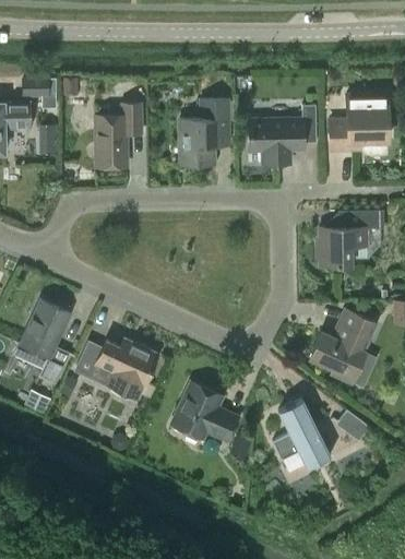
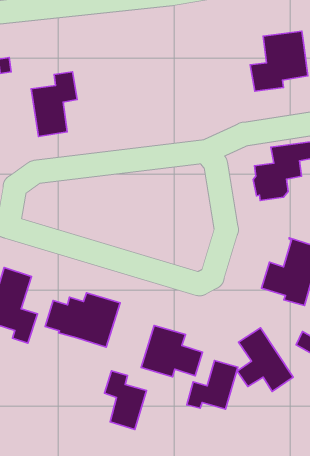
building: [180,99,228,166] -> none
building: [248,105,317,164] -> none
building: none -> [104,371,146,430]
building: none -> [187,361,238,409]

